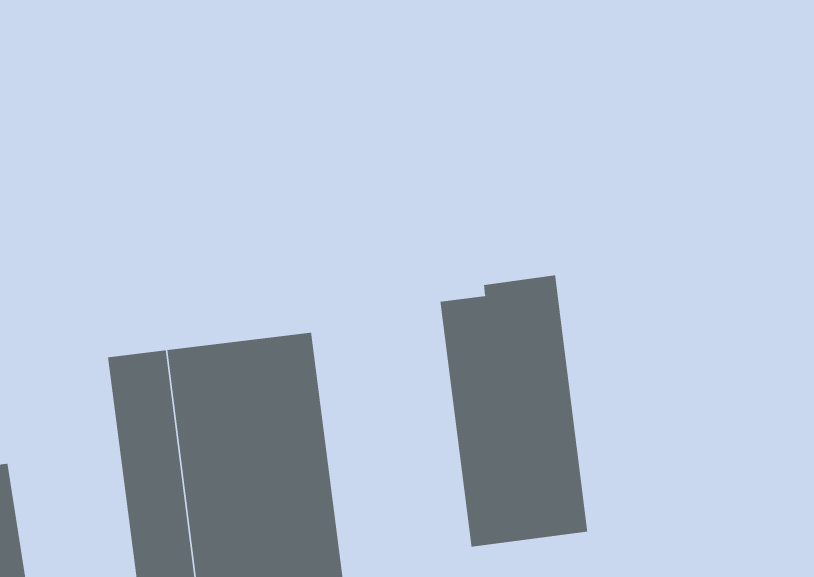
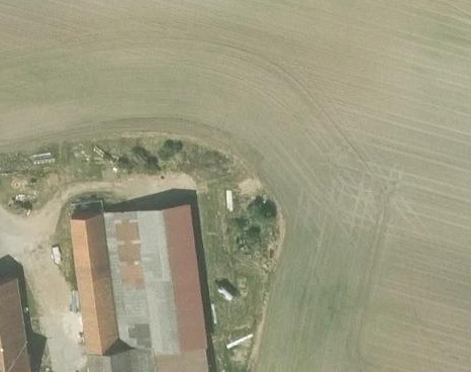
building: [440,275,588,548] -> none

